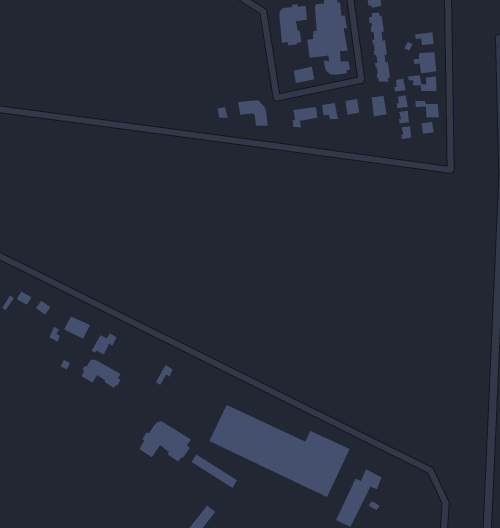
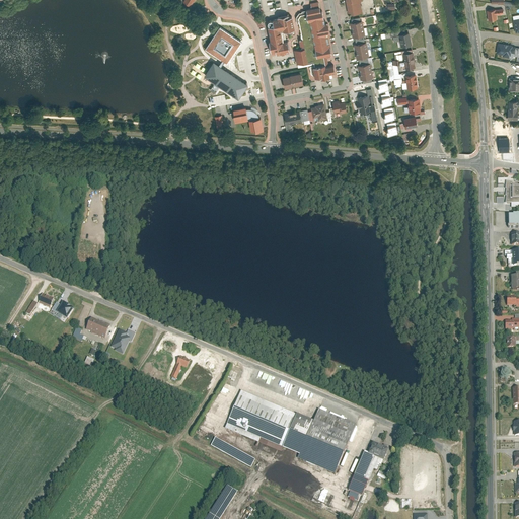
building: none -> [204,24,241,62]
building: none -> [205,61,247,98]
building: [80,359,122,389] -> none
building: [138,421,192,463] -> none

